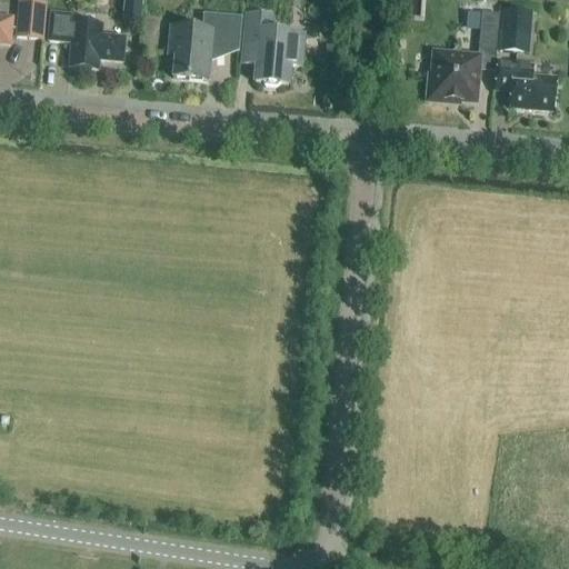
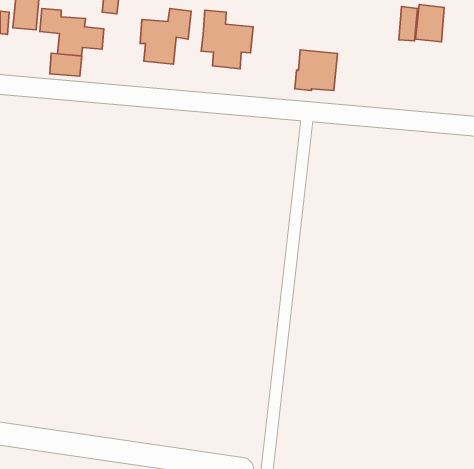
building: [428,50,479,99] -> [295,50,337,91]
building: [495,56,556,109] -> none
building: none -> [50,53,82,76]

